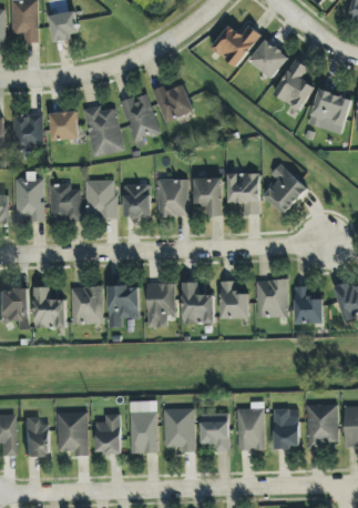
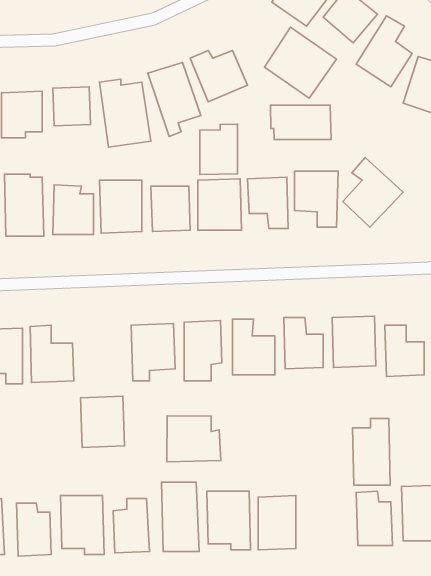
building: none -> [265,27,337,98]
building: none -> [270,105,331,139]
building: none -> [200,124,238,175]
building: [71,286,103,324] -> [81,396,124,447]
building: none -> [167,416,221,462]
building: [237,402,265,450] -> [352,419,390,485]

